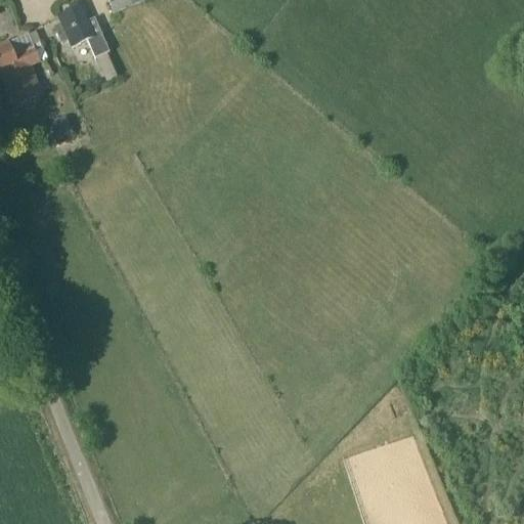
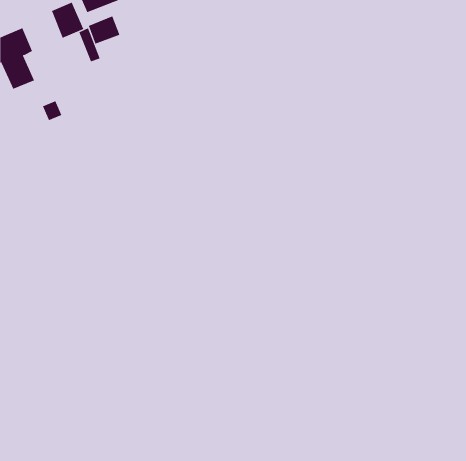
building: none -> [88,16,120,44]

